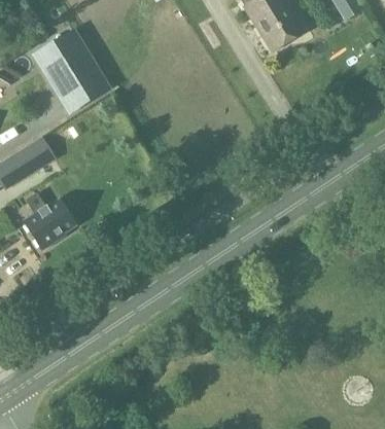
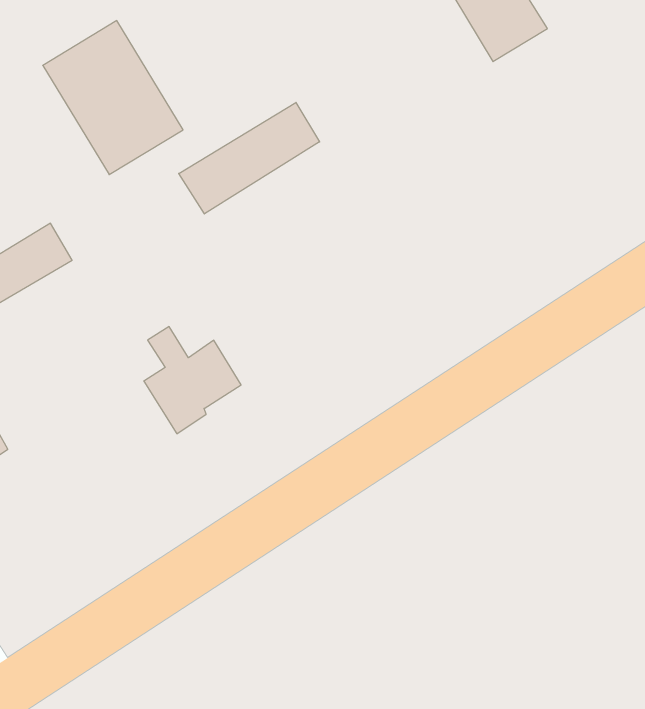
building: none -> [179,102,320,214]
building: [24,192,75,249] -> [144,327,241,434]

